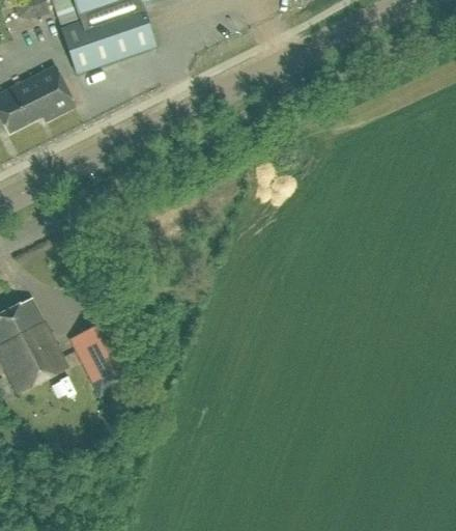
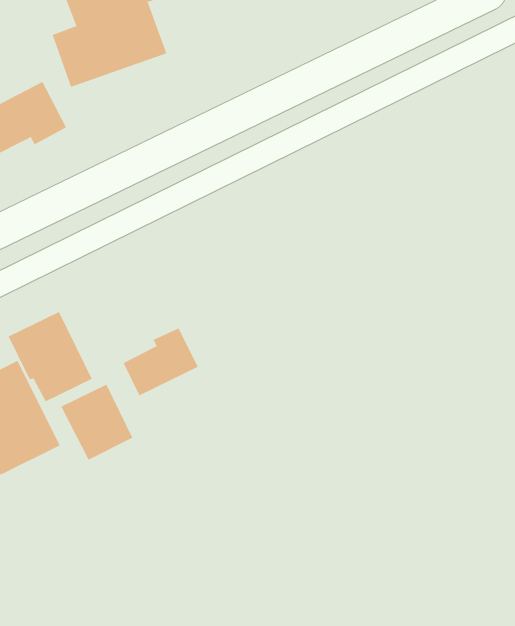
building: none -> [8,311,93,402]
building: none -> [123,327,198,396]

